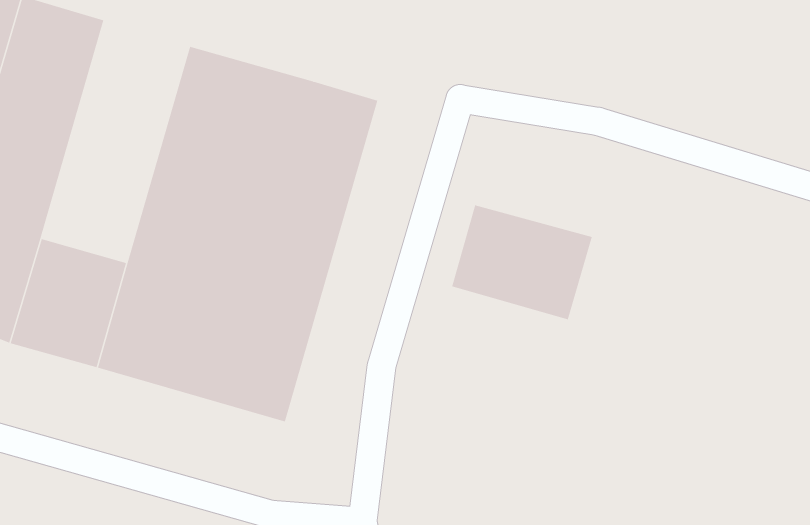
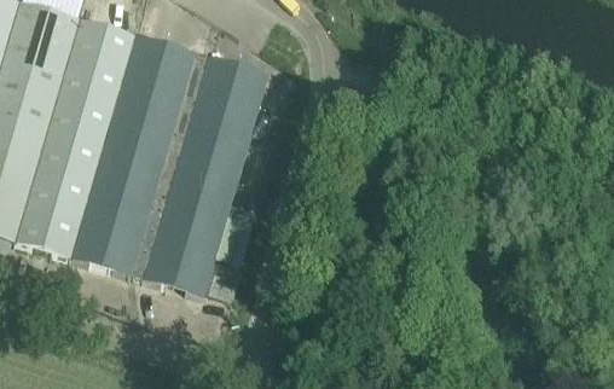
building: none -> [33,17,135,185]
building: [452,204,592,320] -> none

